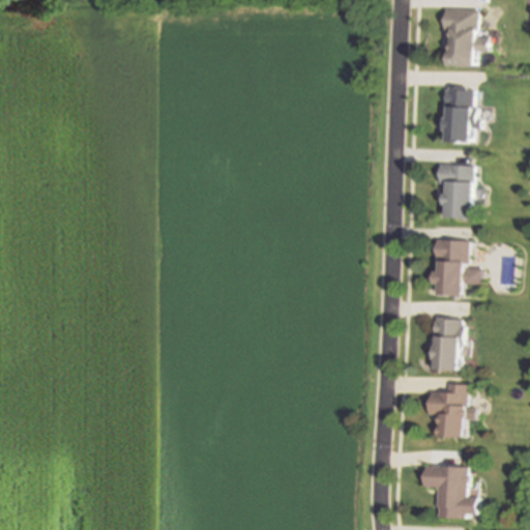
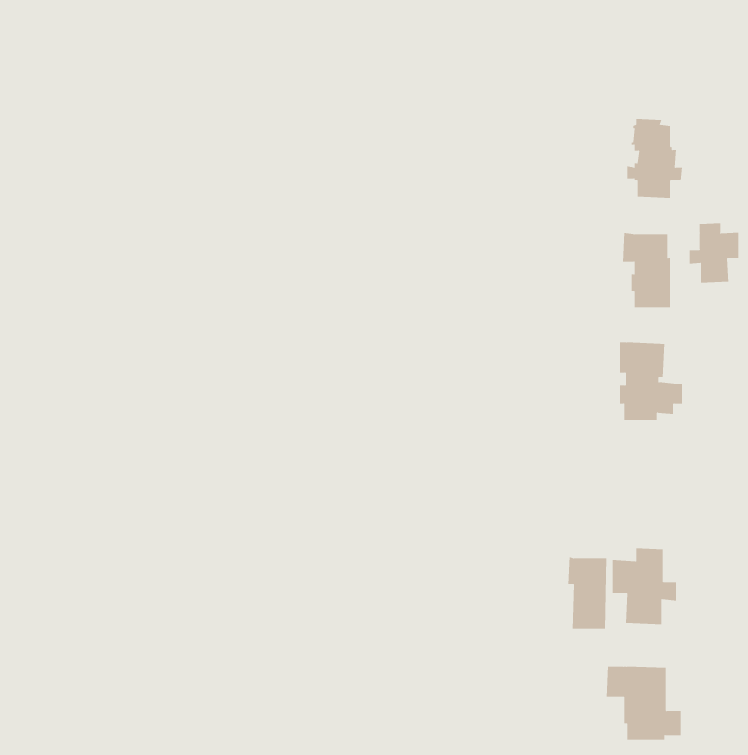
building: [440,8,484,64] -> none
building: none -> [689,222,739,283]
building: [429,319,457,370] -> [567,556,607,629]

